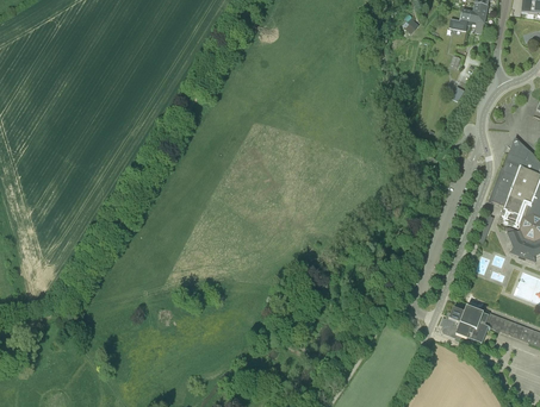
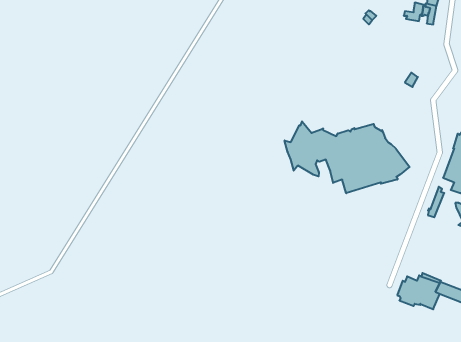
building: none -> [285,121,410,193]

